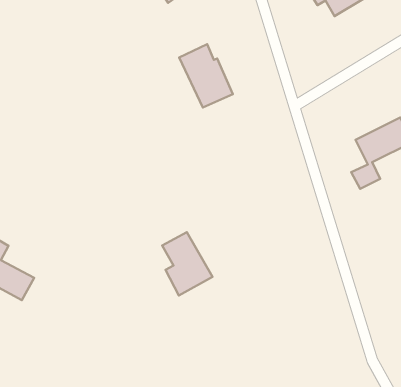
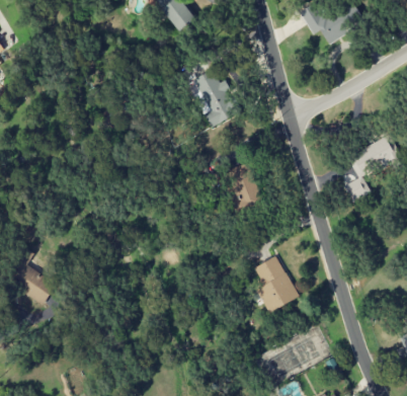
building: none -> [226,162,260,212]
building: [162,232,212,296] -> [253,255,299,313]

